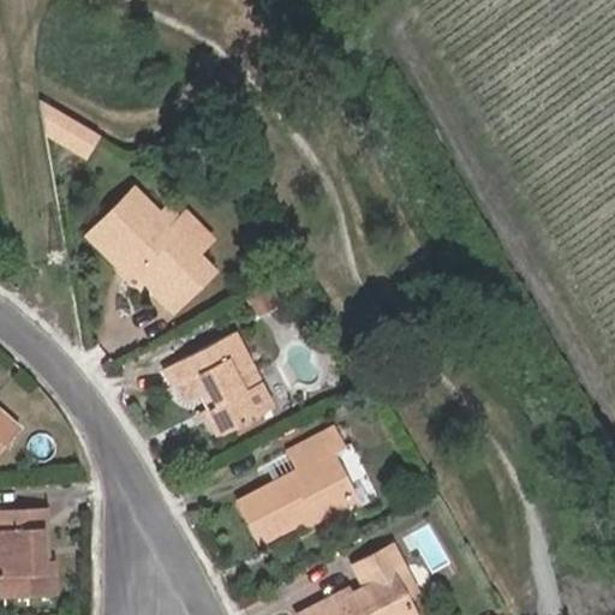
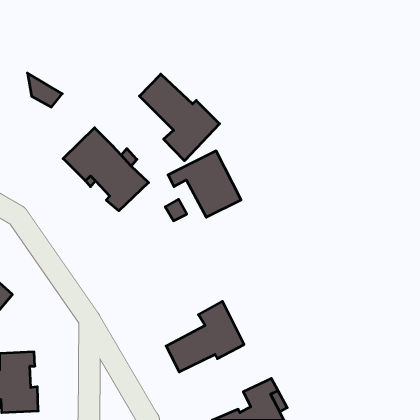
building: none -> [139,74,220,161]
building: [165,334,270,430] -> [168,151,241,217]

